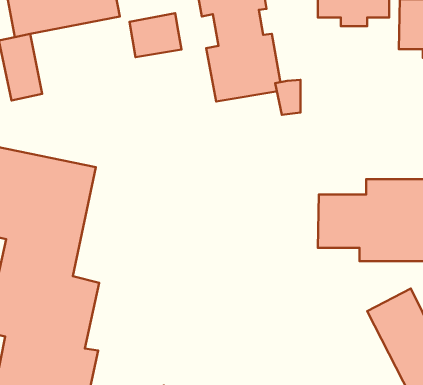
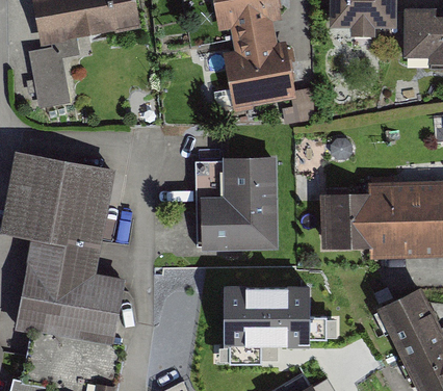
building: [129,13,182,57] -> none
building: none -> [202,161,283,253]
building: none -> [223,288,309,347]

